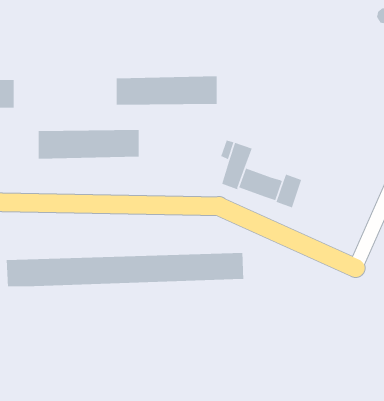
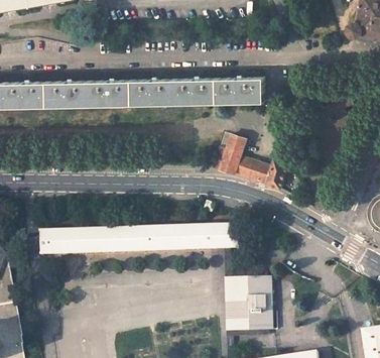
building: none -> [216,78,263,103]
building: [38,129,140,159] -> [46,81,131,106]
building: none -> [224,278,271,331]

